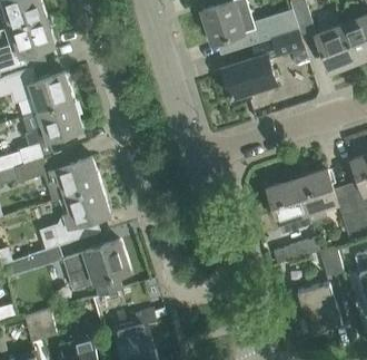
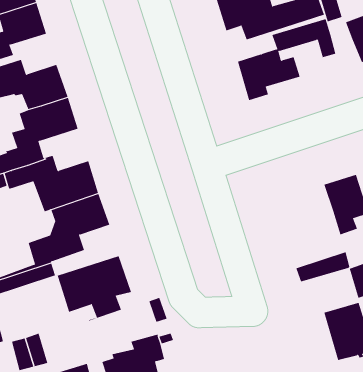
building: [267,178,311,233] -> none

